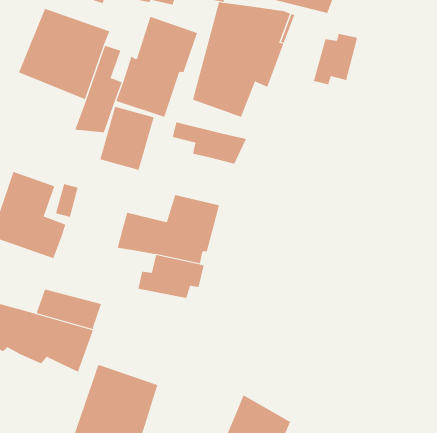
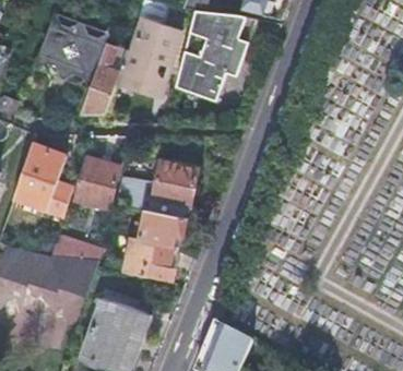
building: [313,33,357,85] -> none
building: [100,106,154,170] -> [75,158,119,210]
building: [172,122,247,164] -> none
building: none -> [123,237,173,280]

